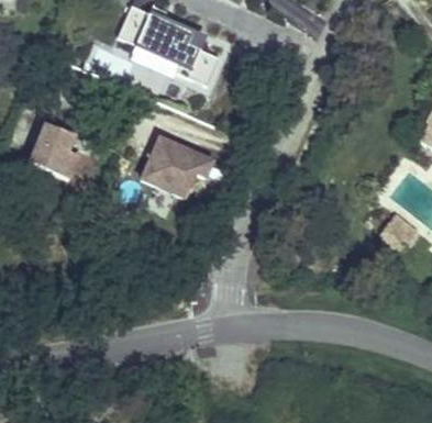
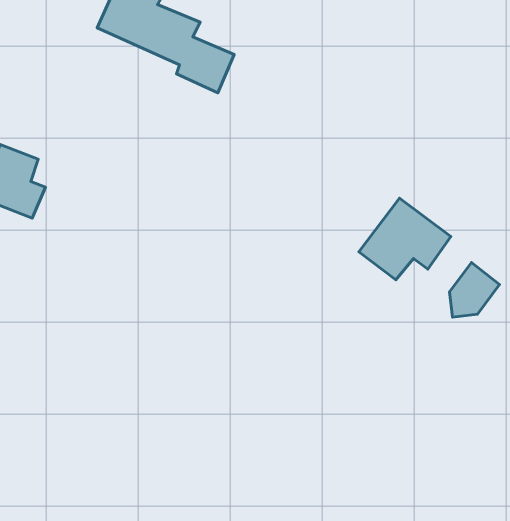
building: [142,136,212,197] -> none
building: none -> [359,198,451,280]

